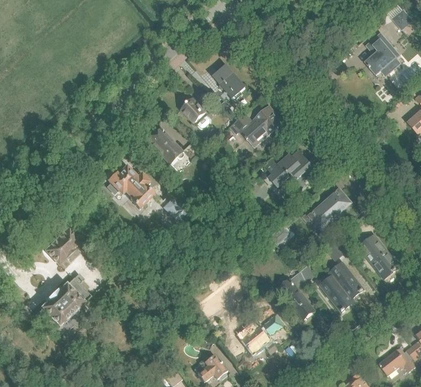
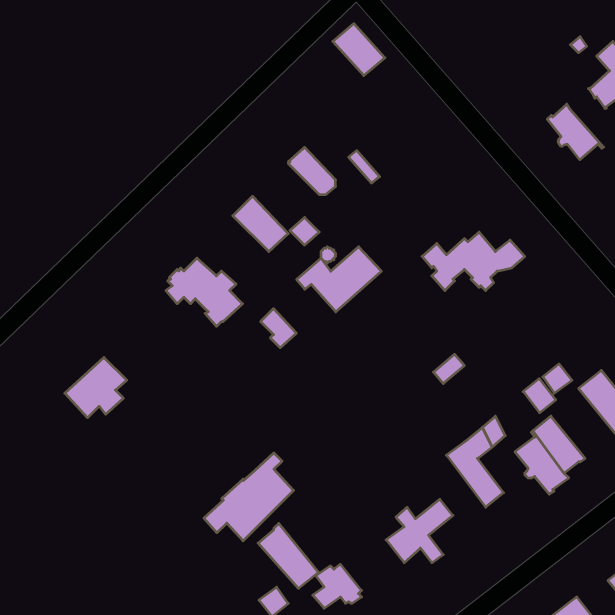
building: [213,65,245,97] -> [333,24,385,76]
building: none -> [547,104,604,160]
building: [230,106,282,146] -> [297,247,381,312]
building: [303,192,348,227] -> none
building: [35,273,90,327] -> [204,453,294,541]
building: none -> [258,523,319,588]

